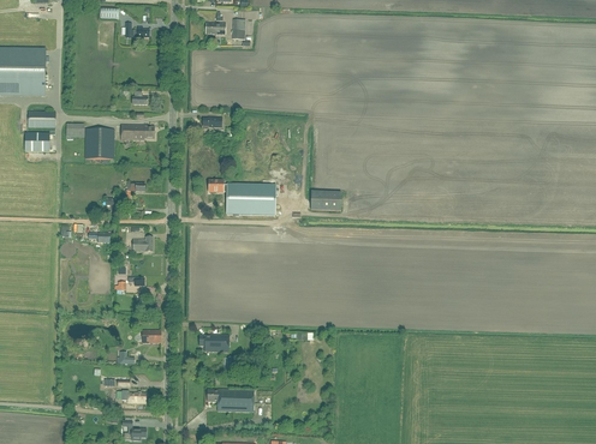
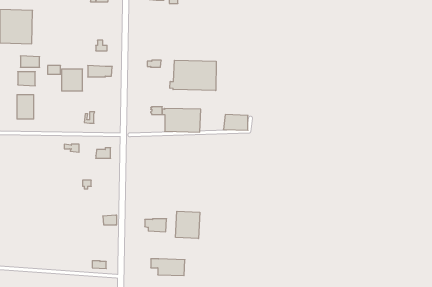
building: none -> [170,60,216,91]
building: none -> [17,95,34,119]
building: none -> [176,211,200,239]

